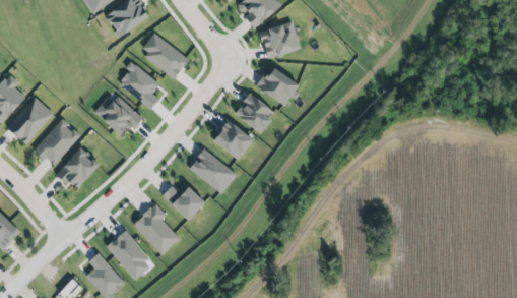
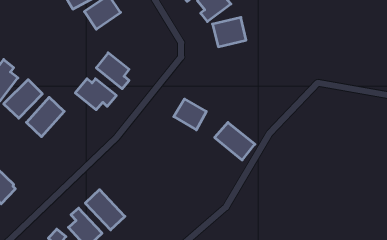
building: [140,33,189,78] -> none
building: [257,67,302,105] -> none
building: [234,94,275,133] -> none
building: [57,147,99,189] -> none
building: [188,148,237,194] -> [215,122,255,160]
building: [161,186,204,221] -> none
building: [133,203,180,255] -> none

